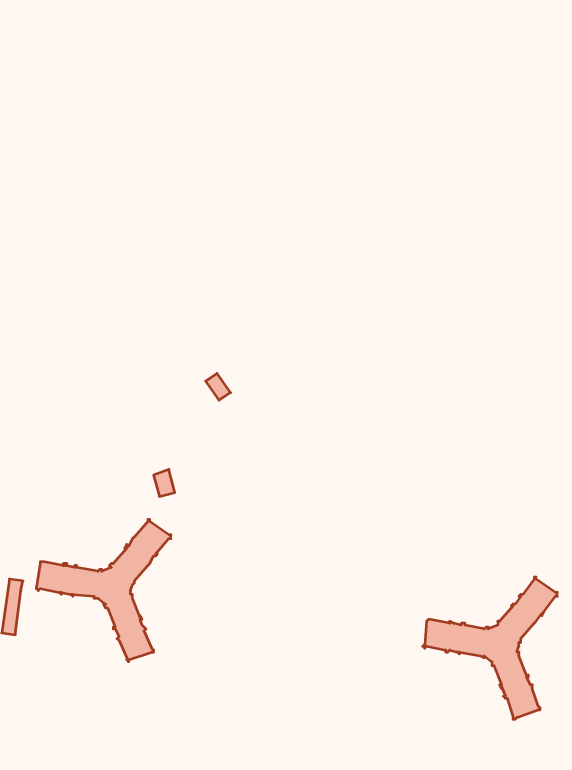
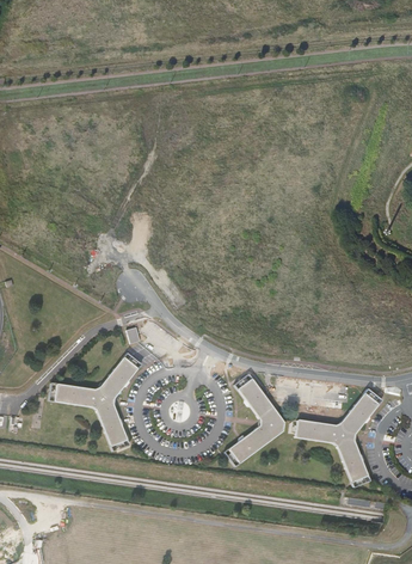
building: none -> [227,379,283,462]

